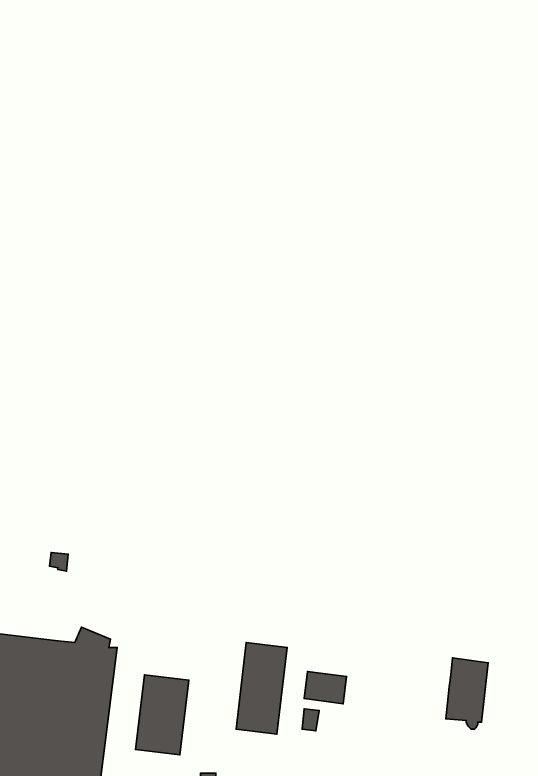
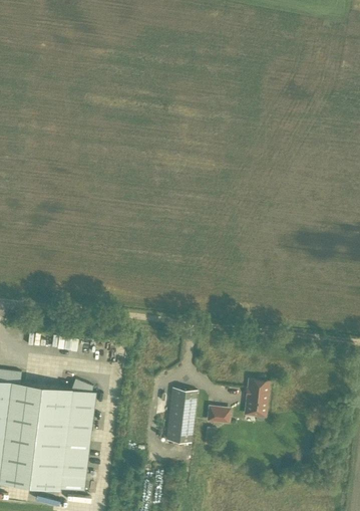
building: [446,658,488,729] -> [244,380,269,423]
building: [135,675,189,755] -> none

